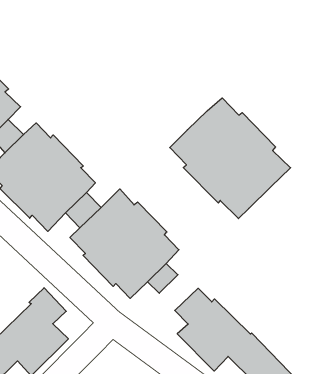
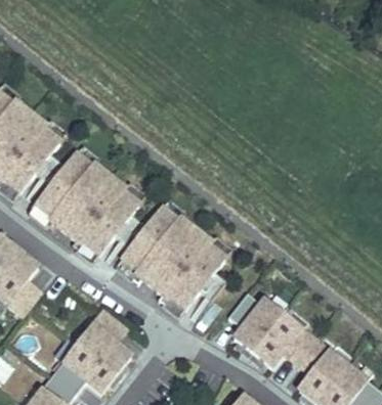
building: [170,98,291,219] -> none

